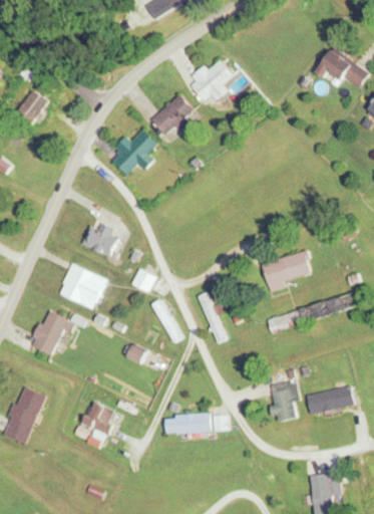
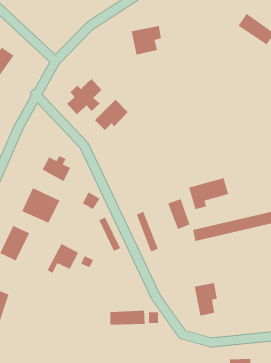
building: [152,94,195,134] -> [94,99,129,131]
building: none -> [167,198,191,230]
building: [307,386,355,415] -> none
building: [75,401,115,439] -> [46,243,79,274]

